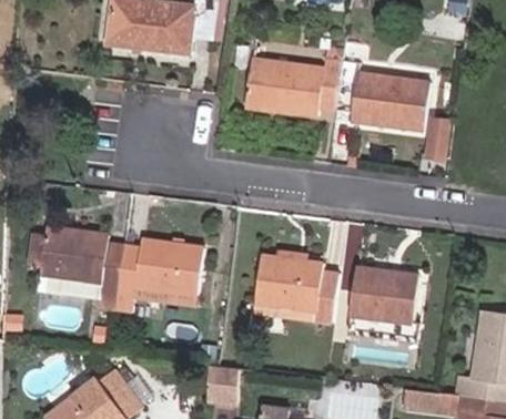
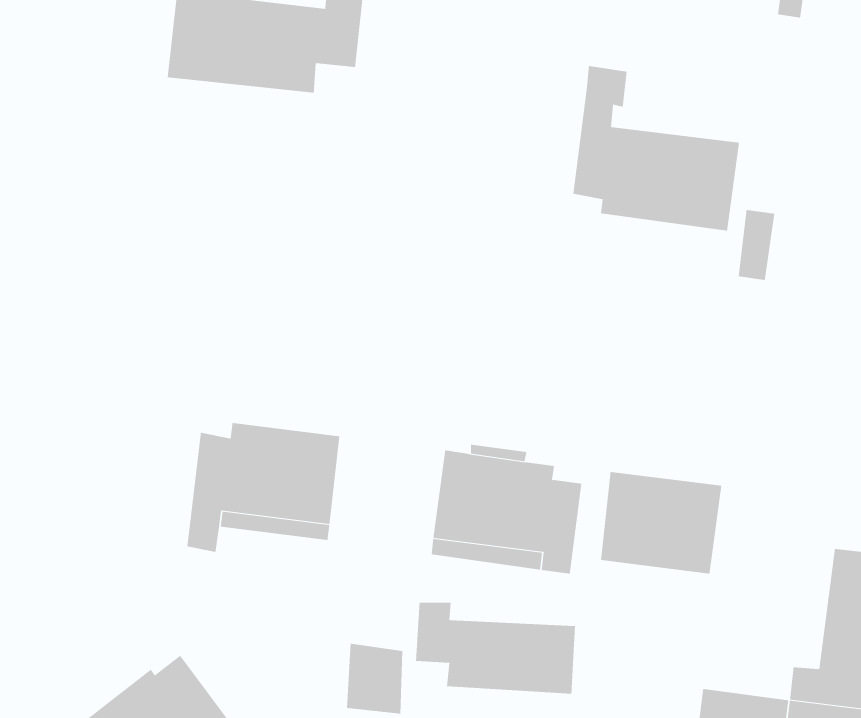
building: [244,48,342,117] -> none
building: [28,225,124,308] -> none
building: none -> [416,602,575,695]

